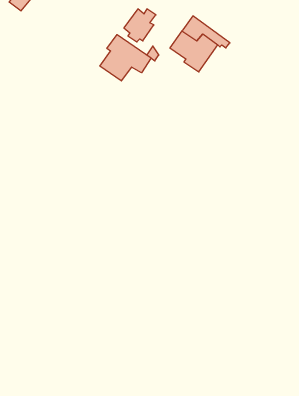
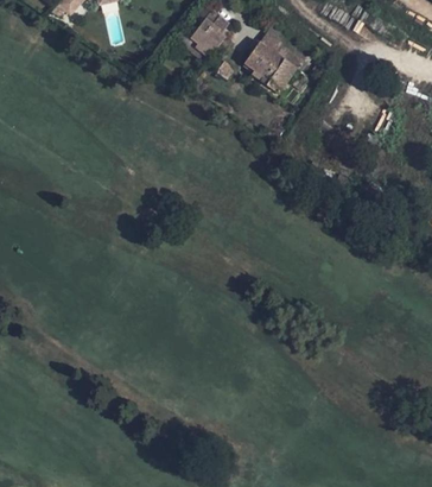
building: [100,35,151,81] -> none

